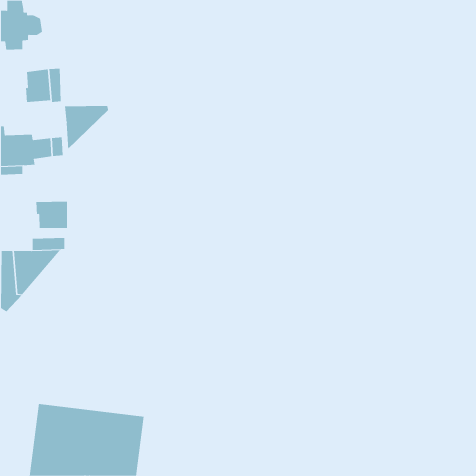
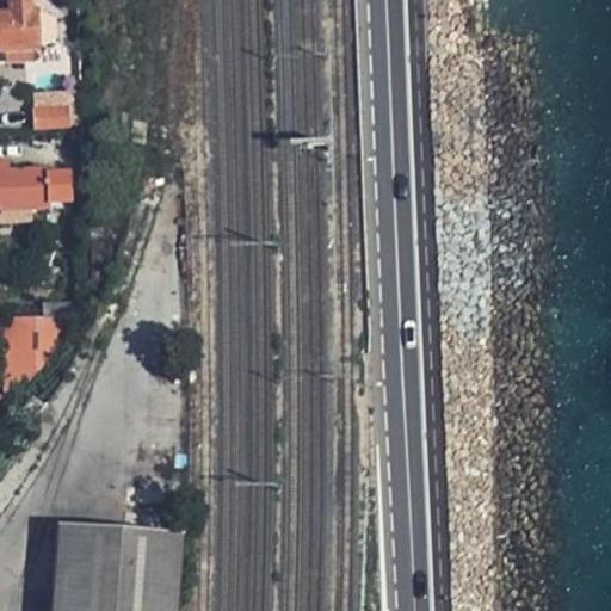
building: [65,105,109,150] -> none
building: [36,201,68,229] -> none

